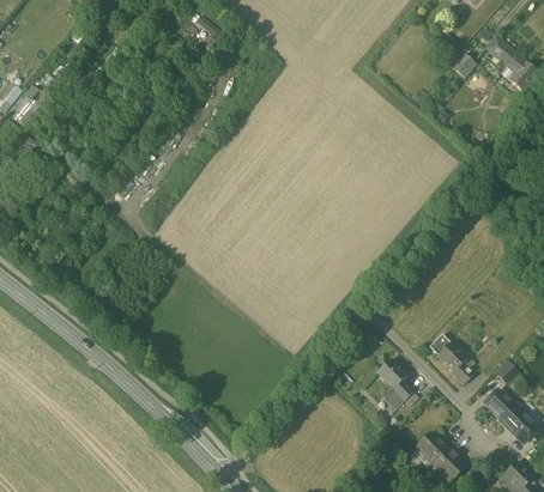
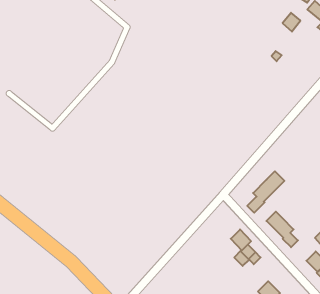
building: none -> [247,171,284,213]

